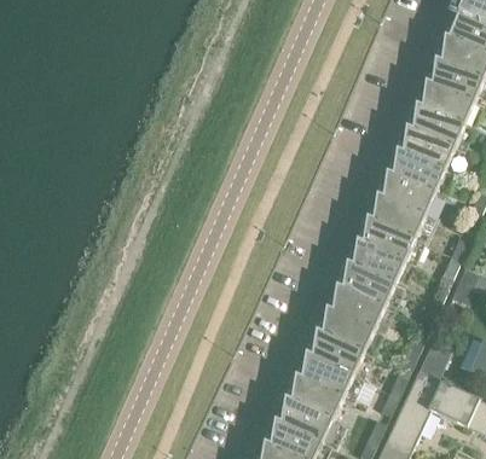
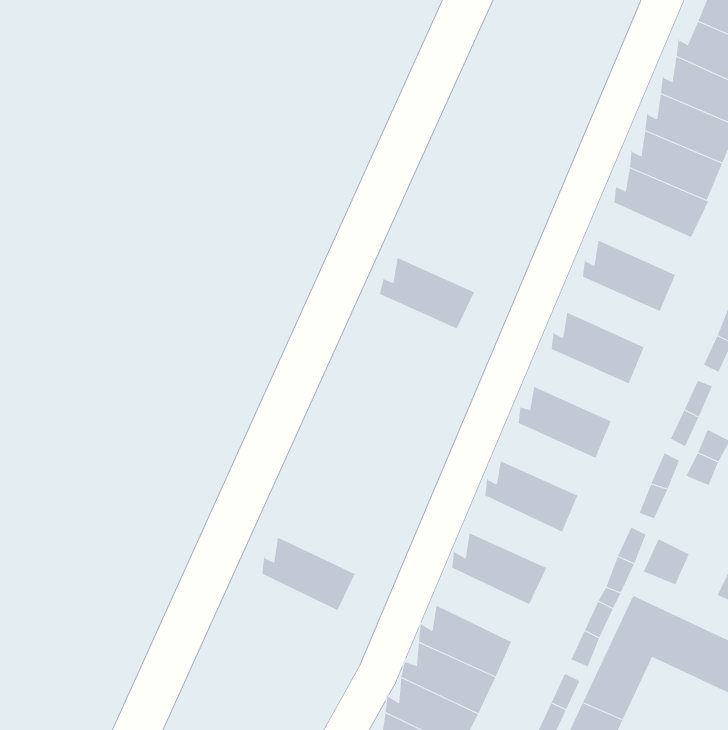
building: [397,127,455,172] -> none
building: [377,173,435,216] -> none
building: [357,217,416,262] -> [379,257,475,329]
building: [336,263,395,308] -> none
building: [317,308,375,353] -> none
building: [296,353,354,399] -> [262,537,355,611]

